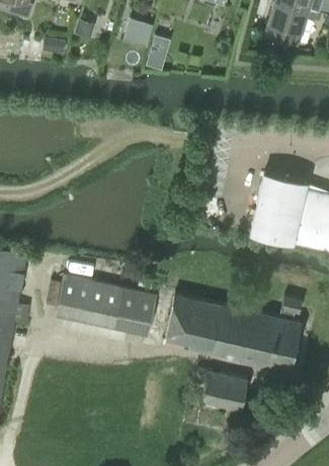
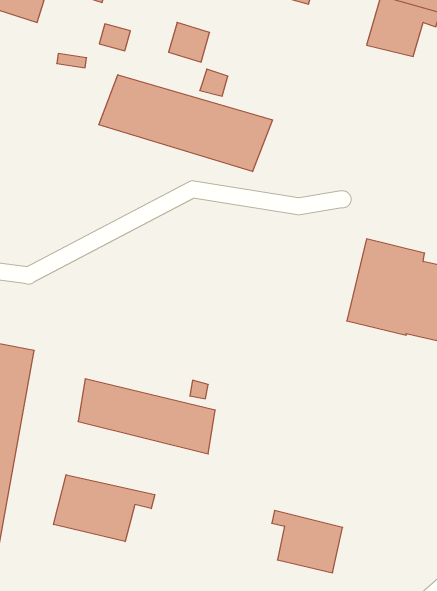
building: none -> [99,75,272,172]
building: [164,294,301,370] -> none
building: none -> [54,475,155,542]

